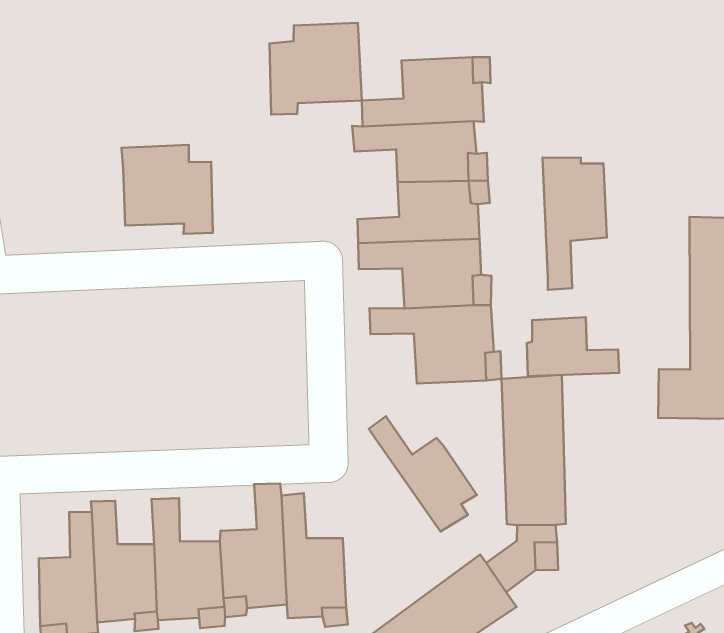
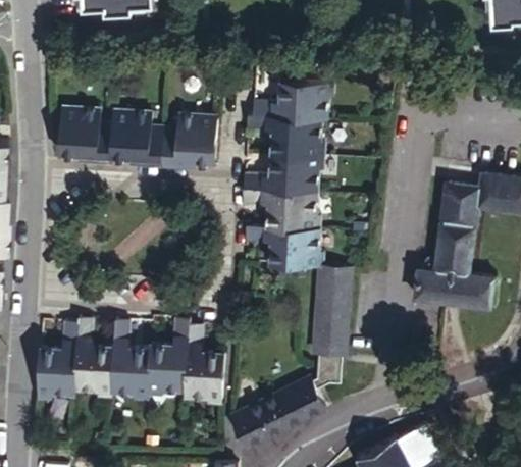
building: [270,23,362,114] -> [161,116,217,168]
building: none -> [57,110,112,165]
building: [543,157,607,290] -> none
building: [527,317,619,376] -> none
building: [369,416,477,532] -> none

